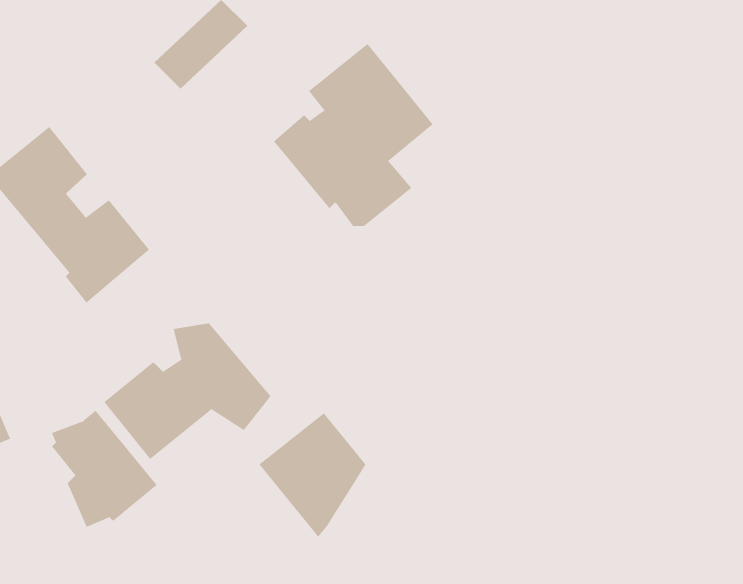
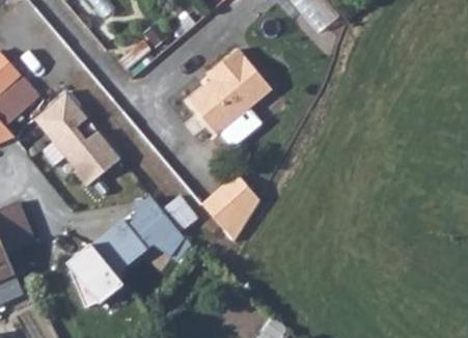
building: [258,412,366,538] -> [199,176,257,244]

